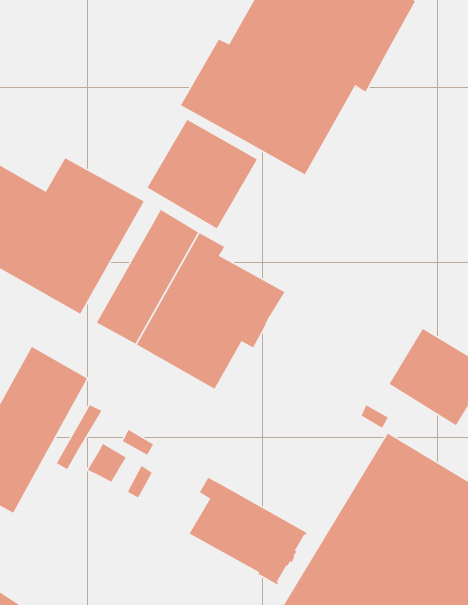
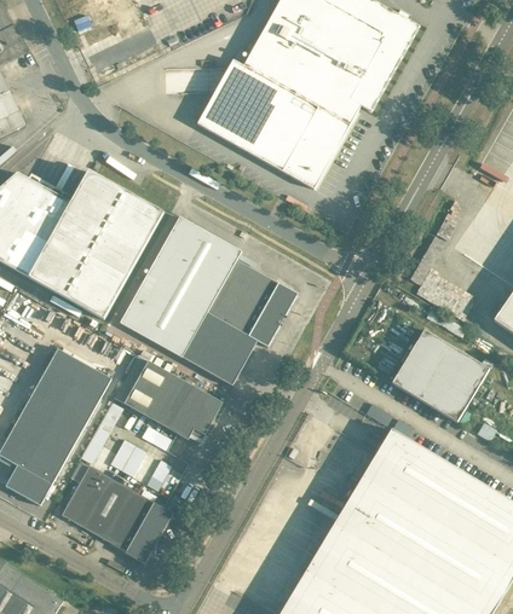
building: [147,118,258,229] -> none
building: none -> [114,353,224,439]
building: [189,477,307,585] -> [62,460,173,562]

